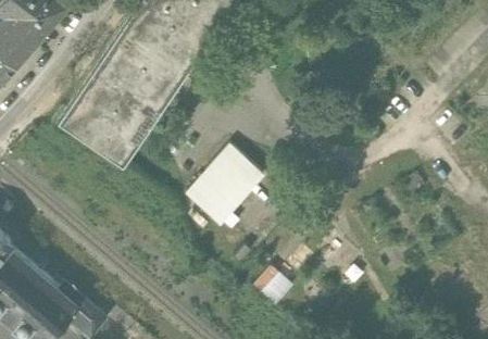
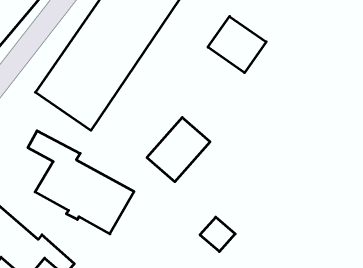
building: none -> [208,16,266,73]
building: none -> [28,131,134,234]

